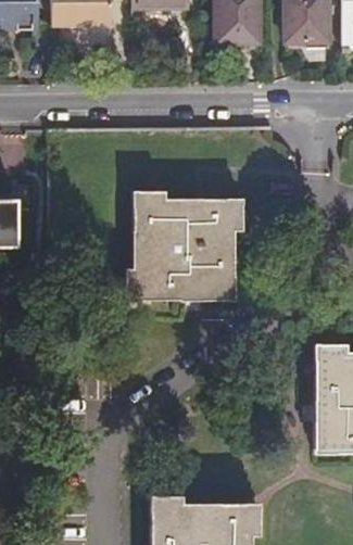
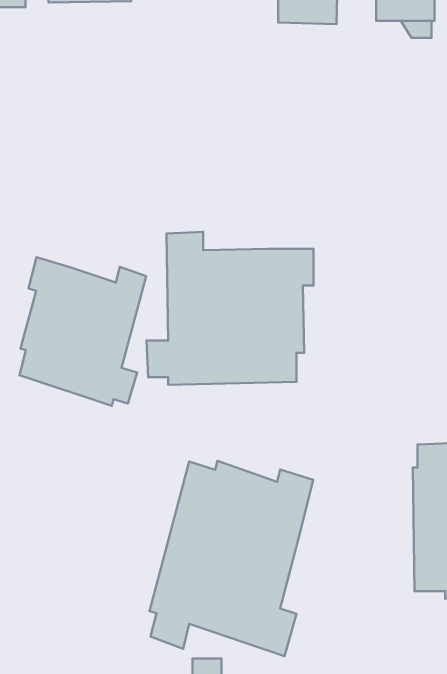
building: none -> [19,257,146,406]
building: none -> [150,461,313,656]

